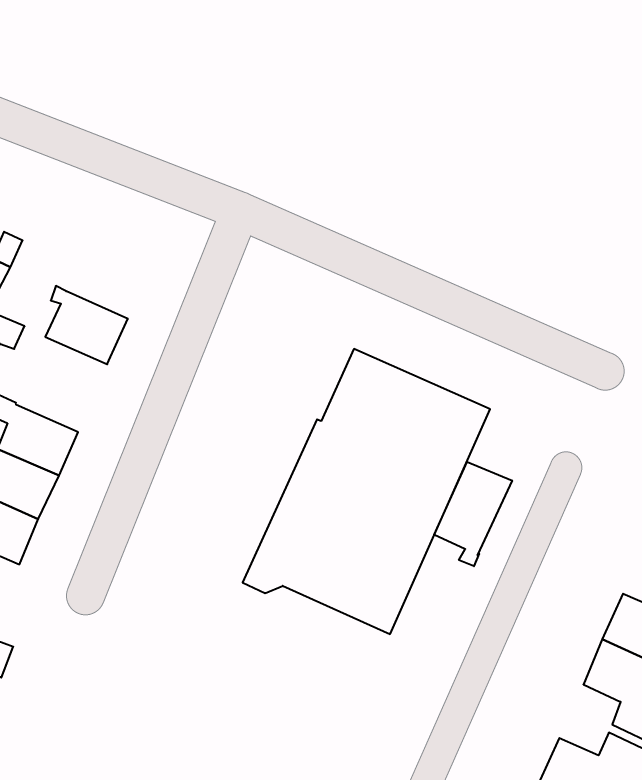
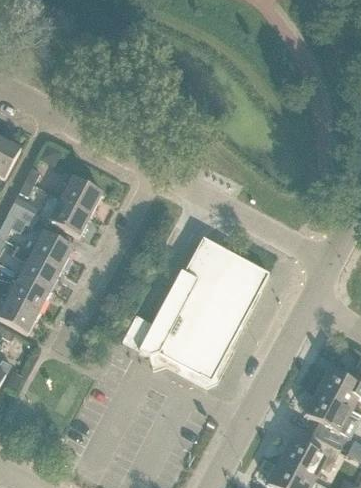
building: none -> [60,174,102,214]
building: none -> [31,229,73,269]
building: [434,462,512,566] -> none

